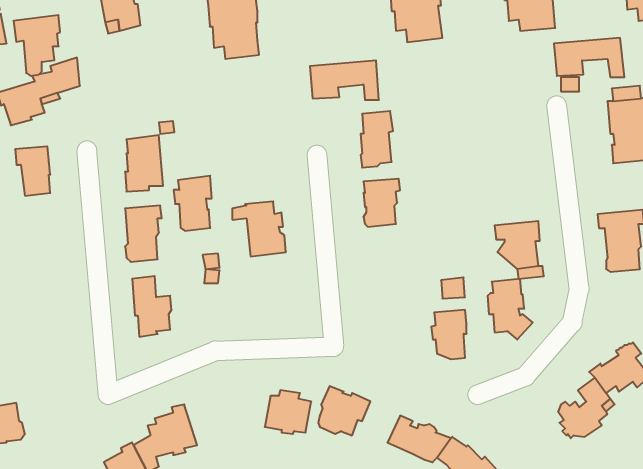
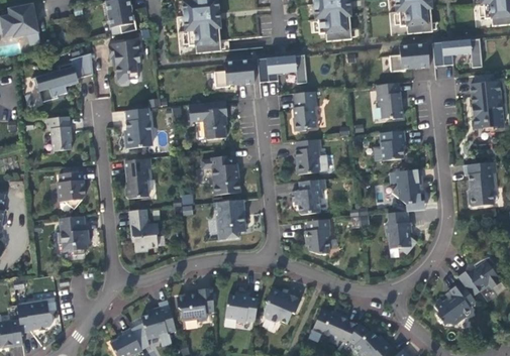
building: [13,15,60,76] -> [108,39,141,83]
building: none -> [390,43,430,71]
building: none -> [214,60,254,88]
building: none -> [376,83,403,119]
building: none -> [380,130,406,160]
building: [174,176,212,231] -> [200,100,227,139]
building: none -> [58,171,86,209]
building: none -> [292,179,326,214]
building: none -> [217,200,246,239]
building: none -> [58,216,89,255]
building: [431,310,467,359] -> [305,219,330,254]
building: none -> [177,287,214,321]

